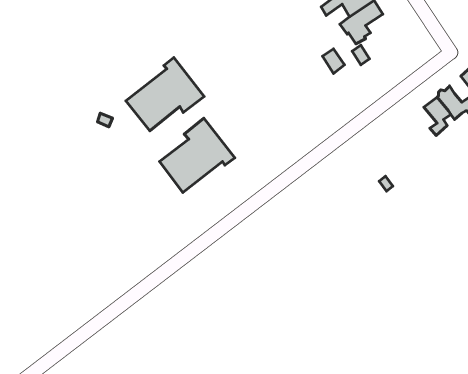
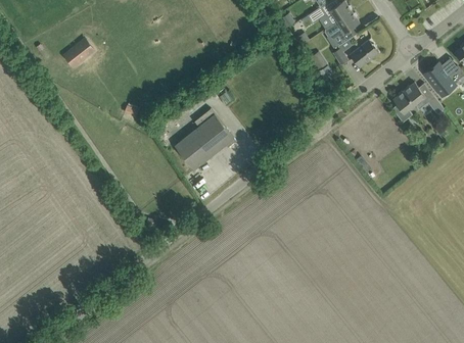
building: none -> [63,38,95,67]
building: none -> [350,40,378,67]
building: [126,58,204,131] -> none

